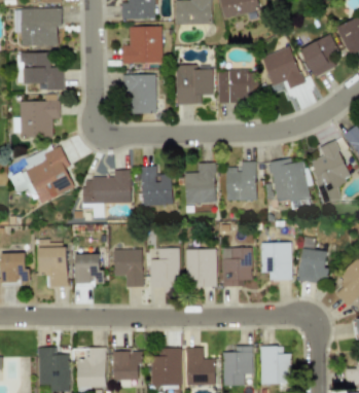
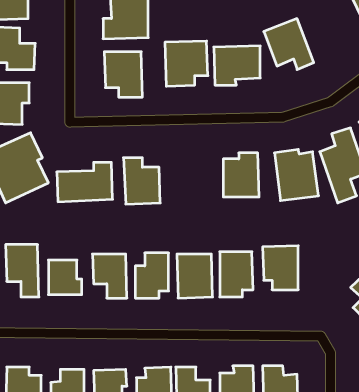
building: [301,35,338,77] -> none
building: [185,163,216,204] -> none
building: [298,241,328,283] -> none

